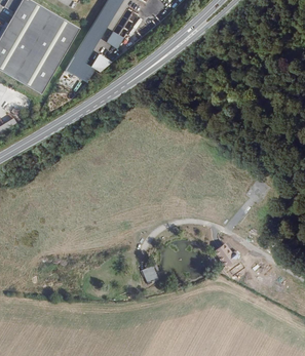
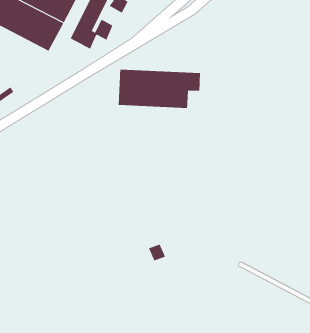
building: none -> [118,69,201,109]

